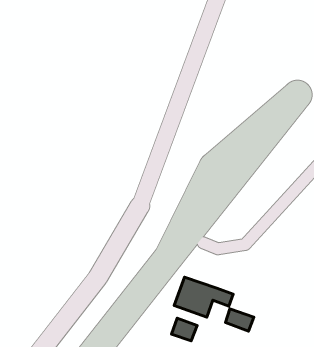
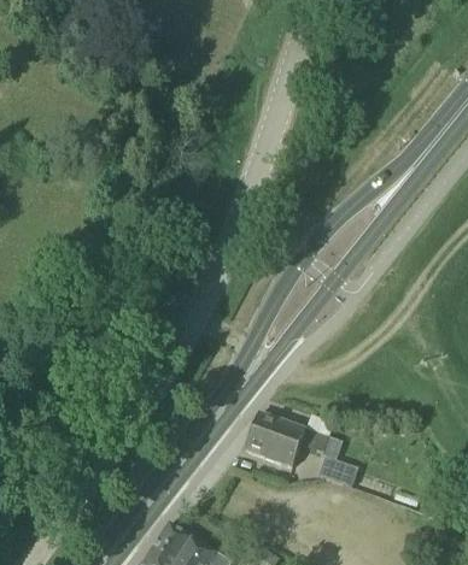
building: [172,318,197,341] -> none

